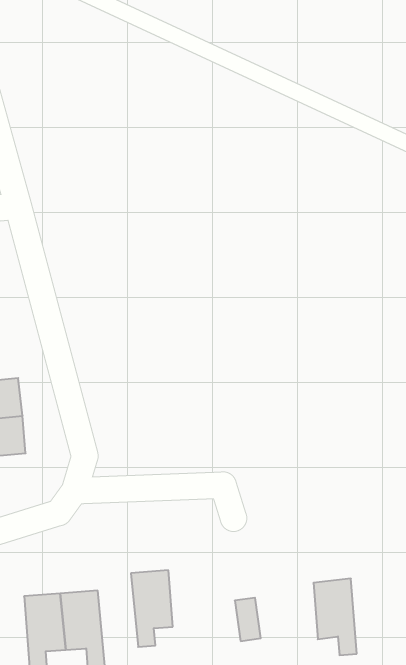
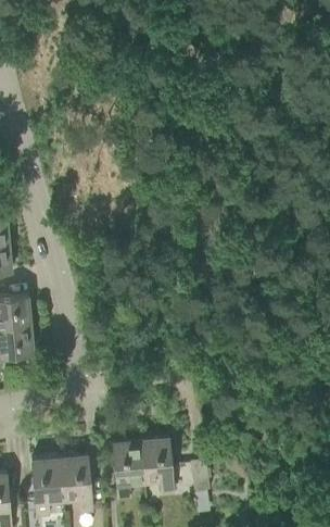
building: [313,579,357,655] -> [141,436,174,493]

